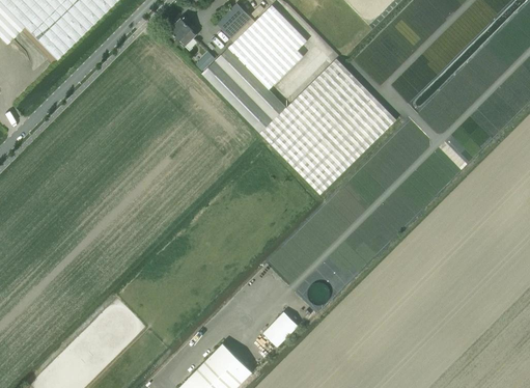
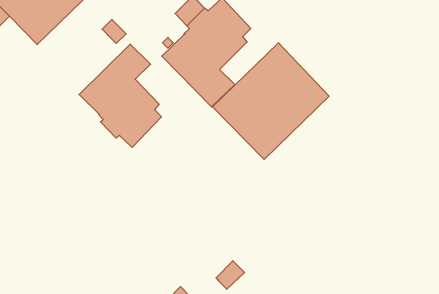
building: [169,18,197,46] -> [102,19,126,43]
building: none -> [79,44,161,147]

